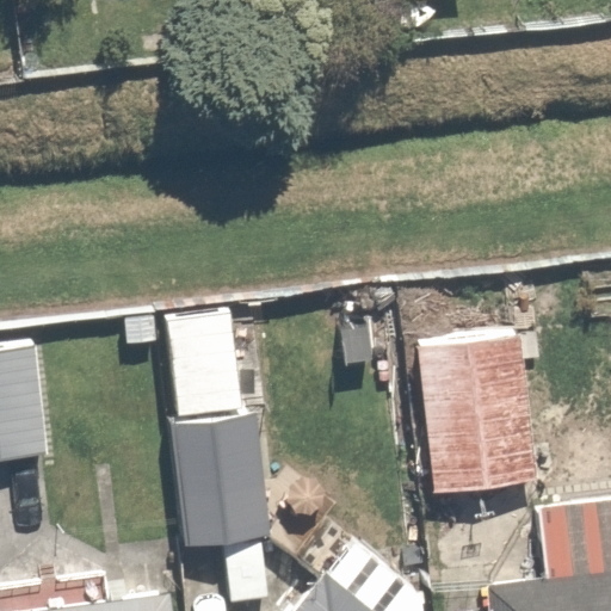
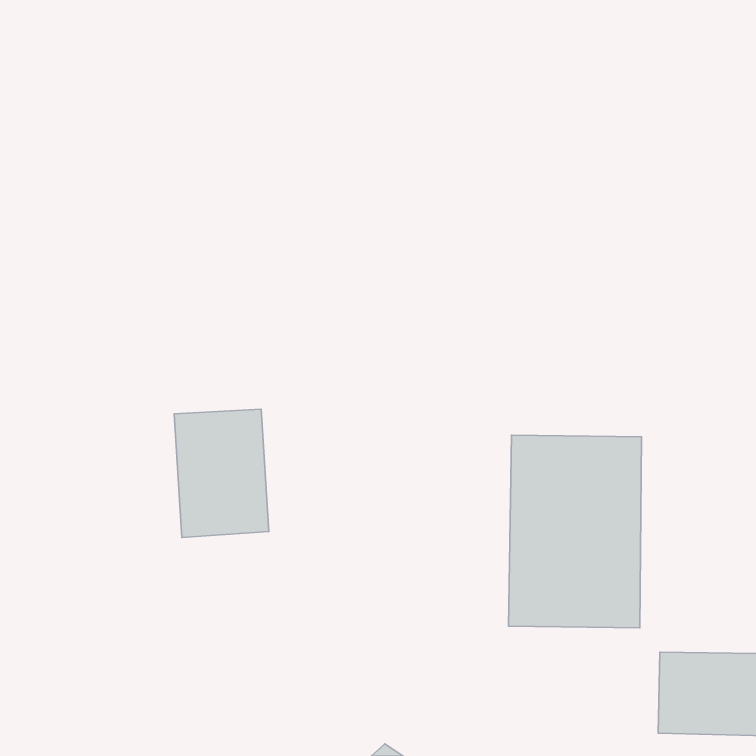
building: [159,428,242,544] -> none

